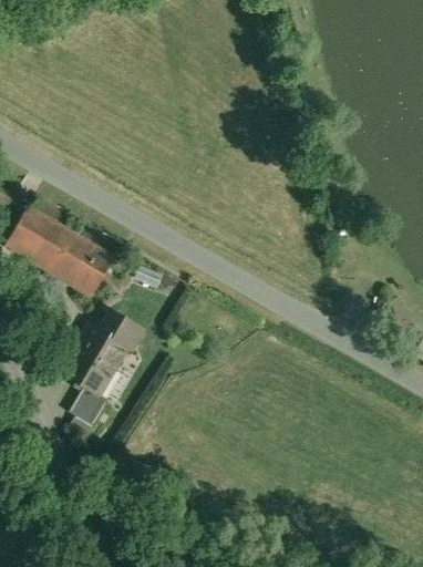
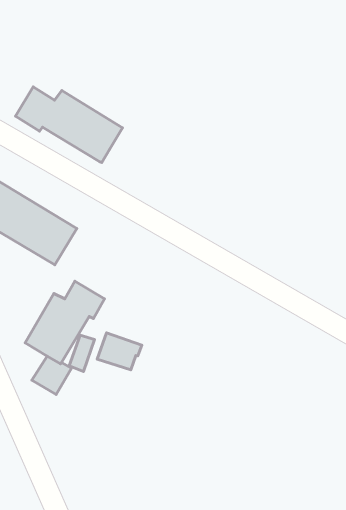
building: none -> [16,87,123,162]
building: none -> [97,333,142,370]

